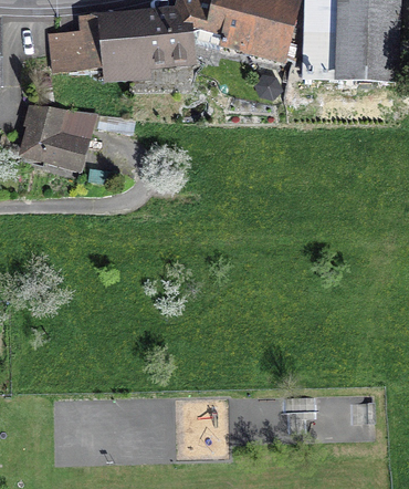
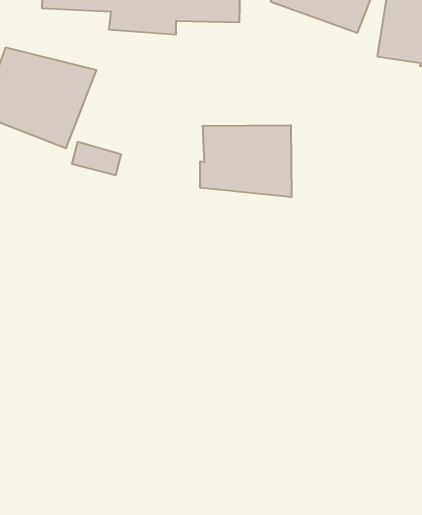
building: none -> [200,125,291,197]

